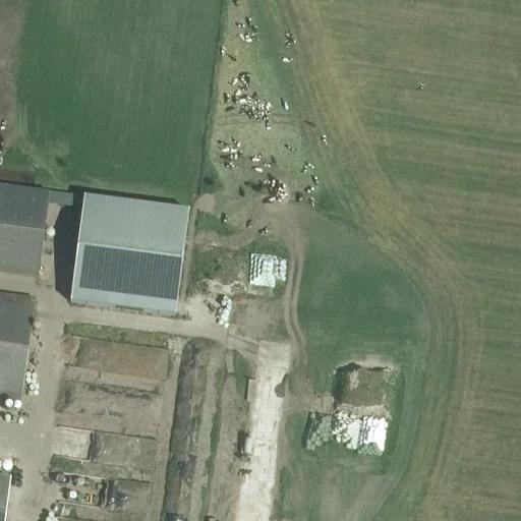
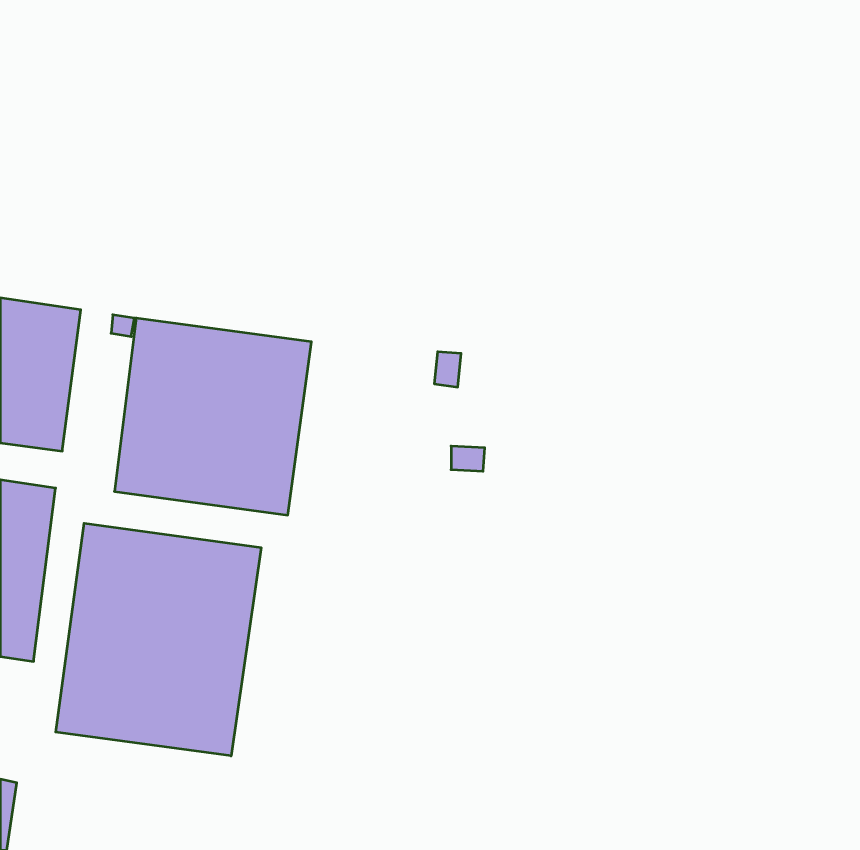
building: none -> [56,523,261,756]

